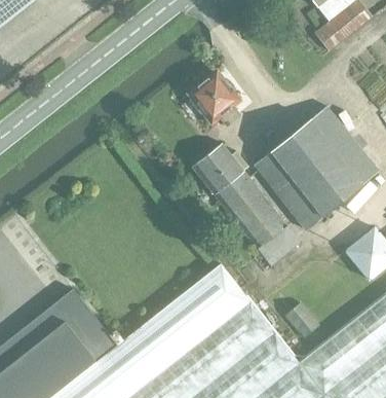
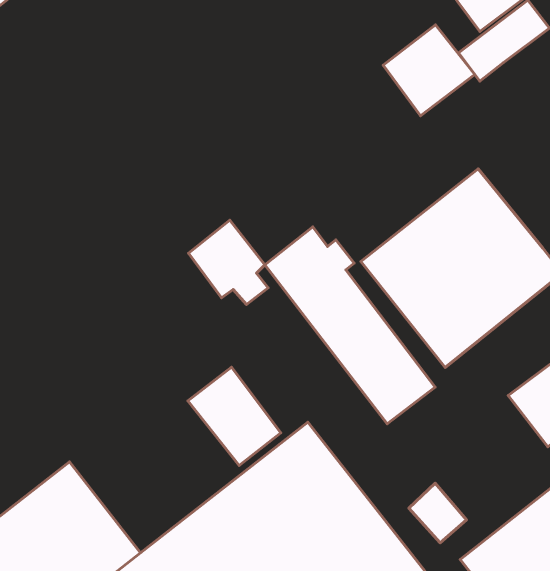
building: none -> [383,25,475,116]
building: [190,75,239,128] -> [189,220,268,305]
building: none -> [188,367,281,466]

